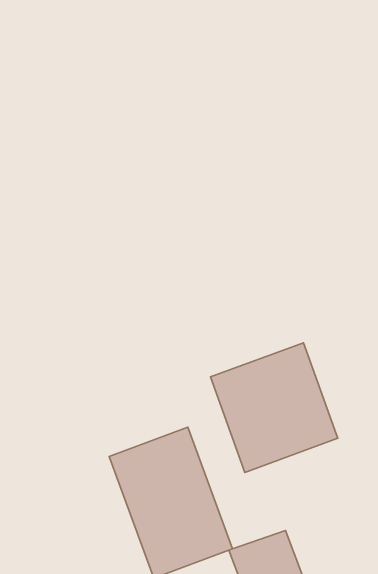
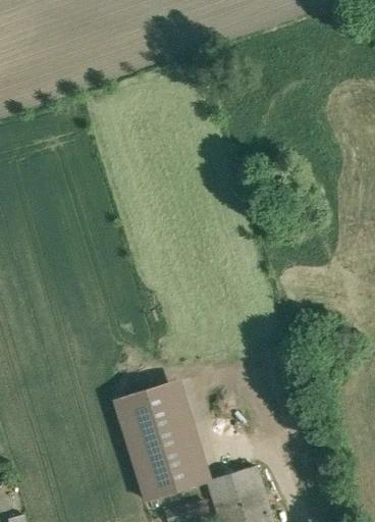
building: [210,343,338,472] -> none

